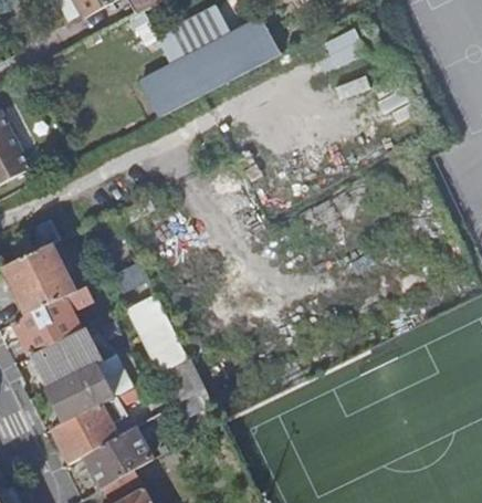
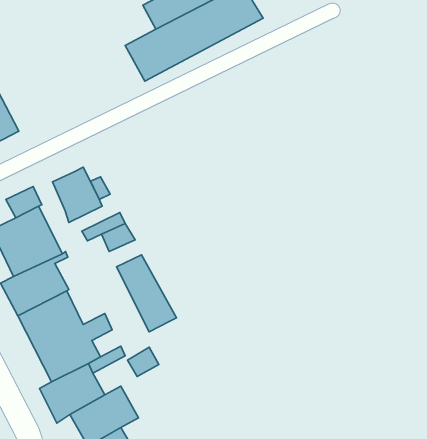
building: none -> [53,167,102,223]

